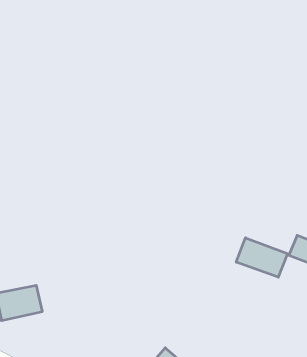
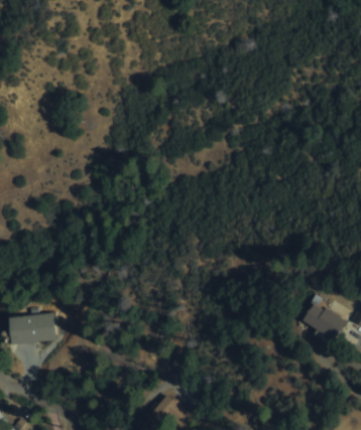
building: [236,238,287,277] -> none

